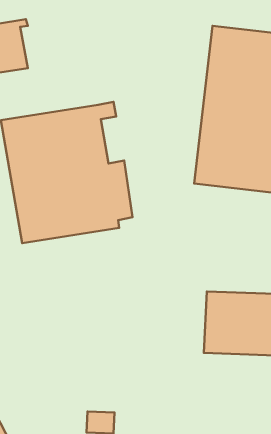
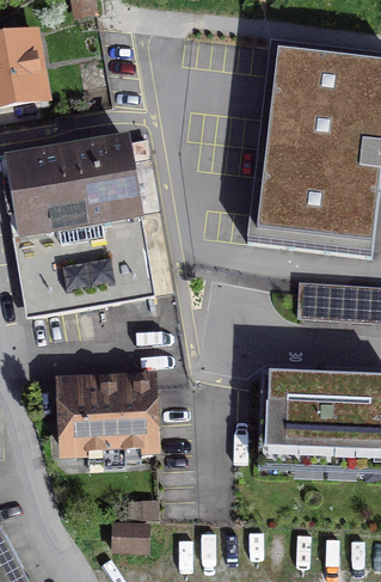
building: none -> [62,370,155,448]

